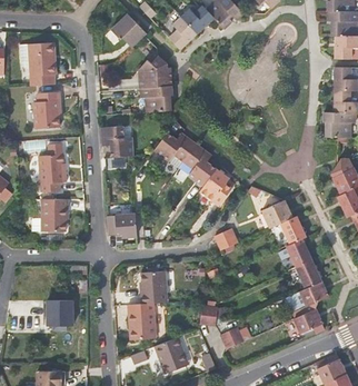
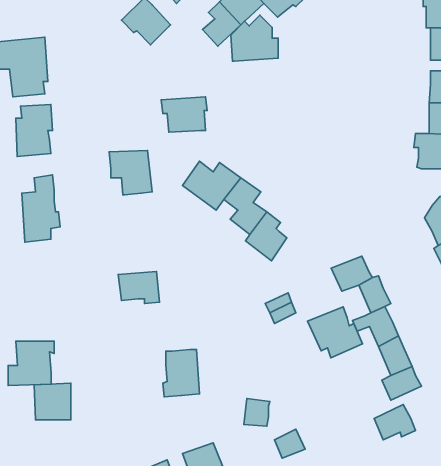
building: [137,55,171,88] -> [231,15,278,61]
building: [34,199,68,231] -> [8,341,54,386]
building: none -> [308,307,363,358]
building: [128,303,156,338] -> none

